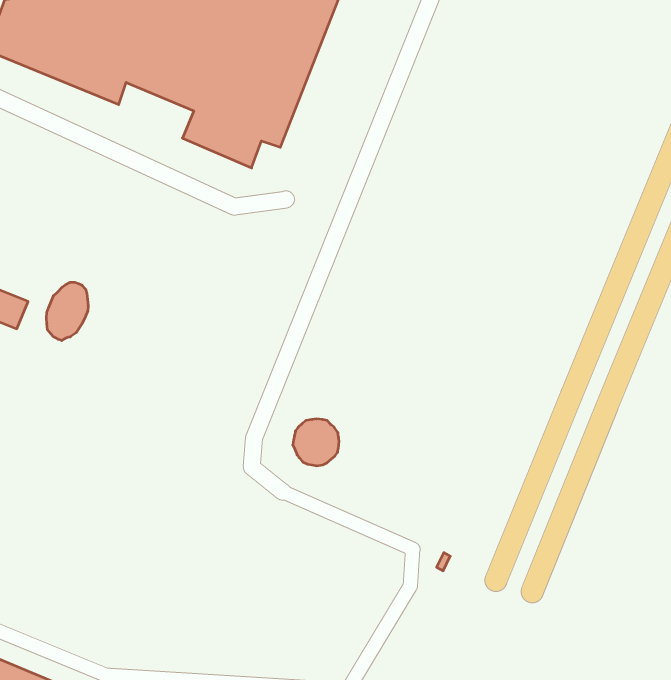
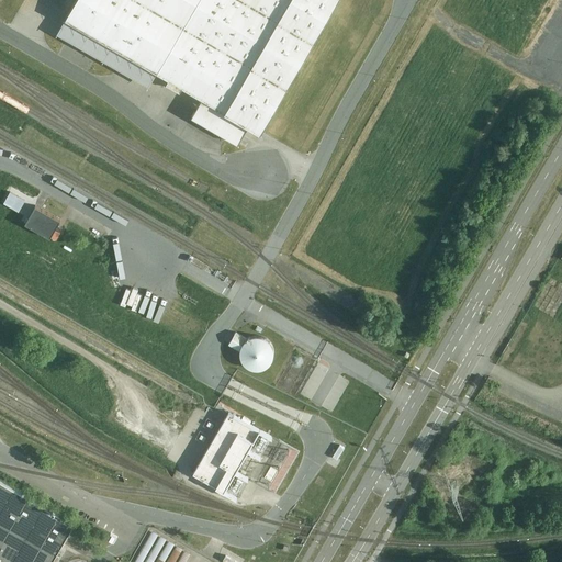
building: [46,282,88,341] -> none
building: none -> [192,413,260,492]

